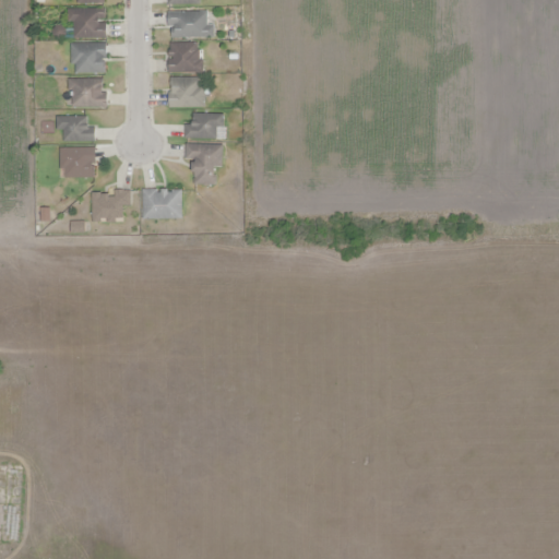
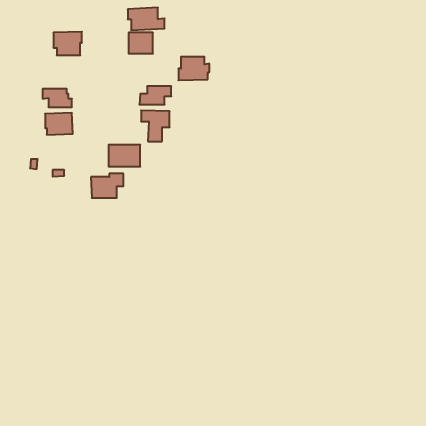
building: [67,7,108,37] -> none
building: [166,76,206,107] -> [178,57,209,80]
building: [68,79,108,107] -> none
building: [90,189,132,221] -> [91,174,123,198]

